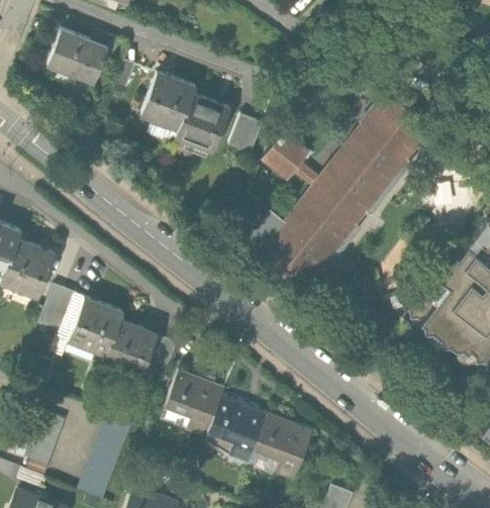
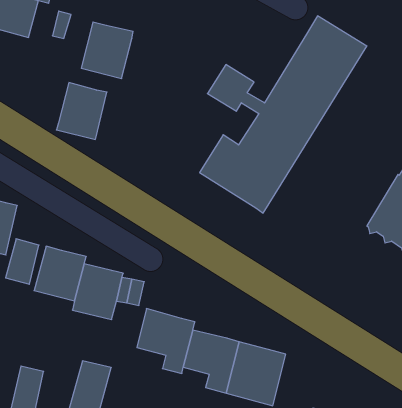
building: [176,95,231,156] -> [56,83,107,139]
building: [230,119,262,155] -> none

